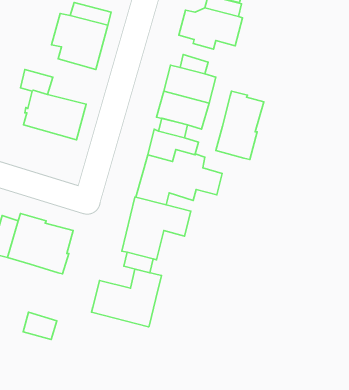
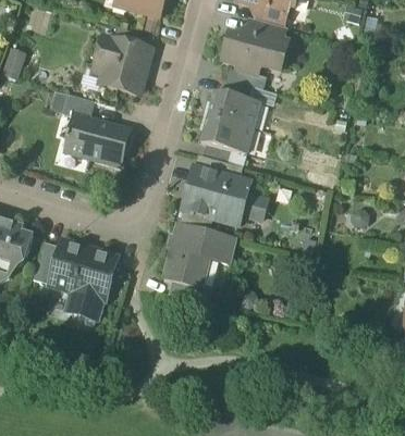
building: [216,91,264,160] -> none
building: [91,269,161,327] -> none
building: [23,312,57,339] -> [66,290,100,317]

